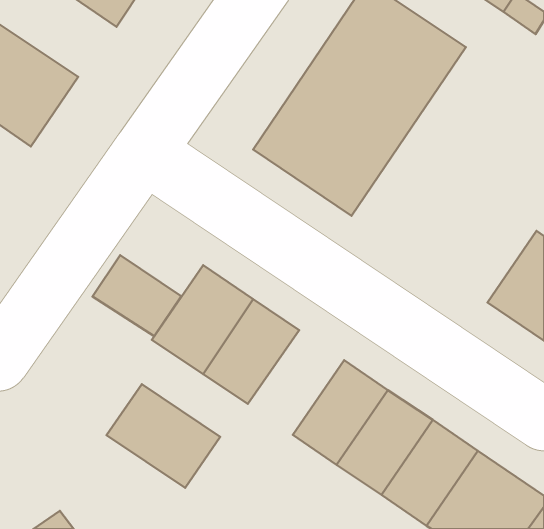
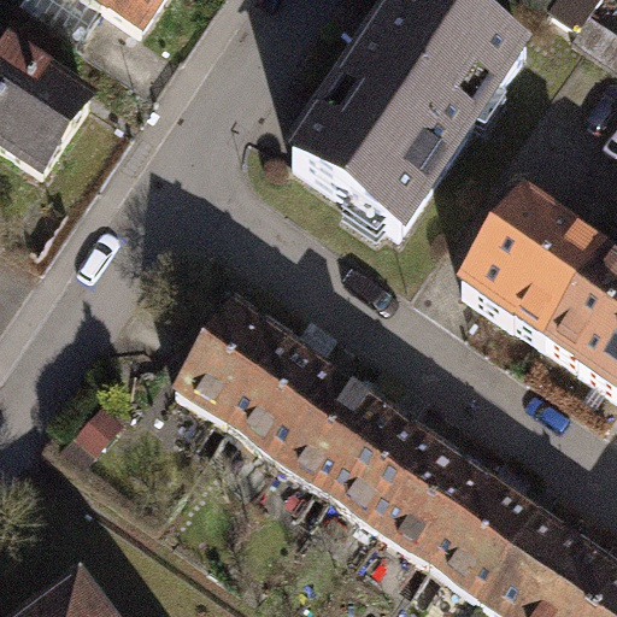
building: none -> [464,201,605,341]
building: [93,255,181,336] -> none
building: none -> [280,372,388,490]
building: [107,384,220,488] -> none

